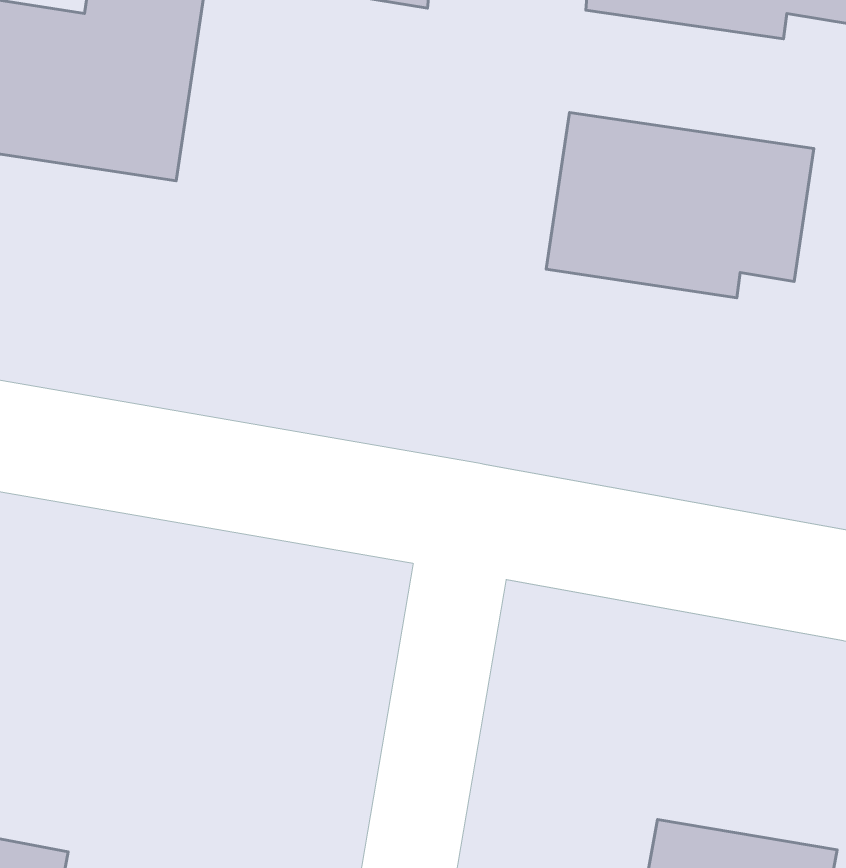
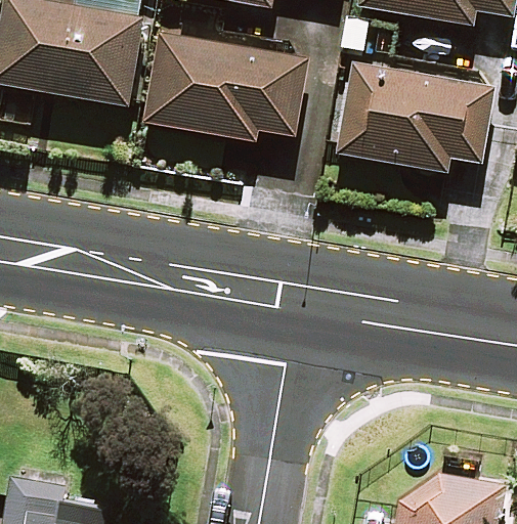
building: none -> [145,34,307,141]

